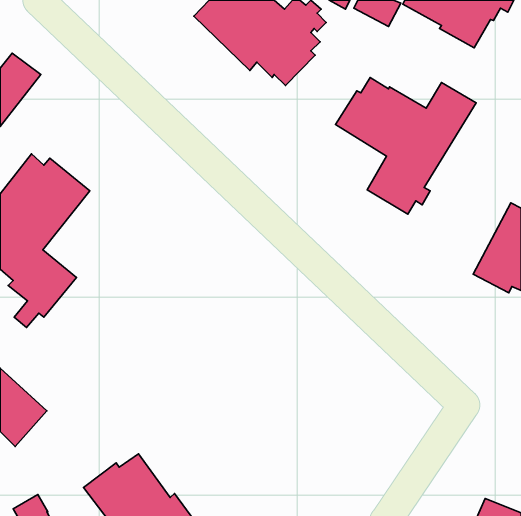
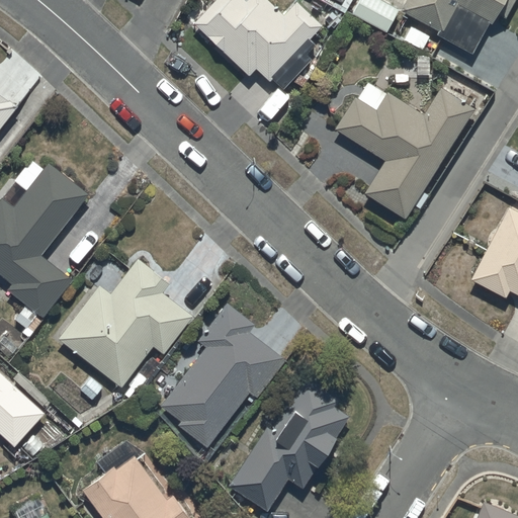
building: none -> [58,258,193,387]
building: none -> [162,301,287,447]
building: none -> [230,377,350,510]

